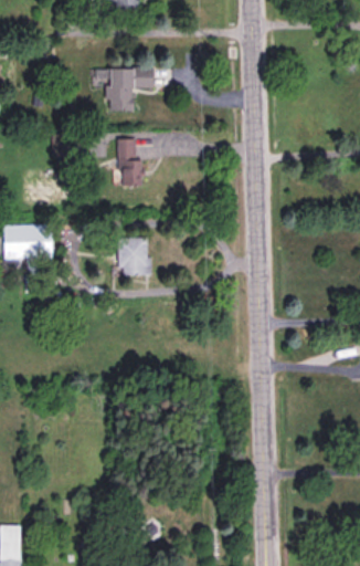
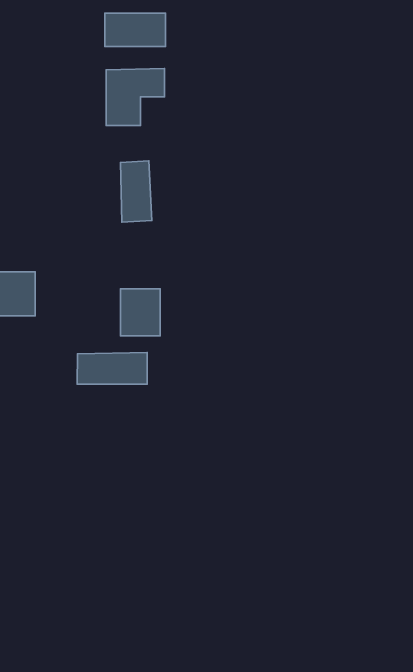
building: none -> [105,13,166,46]
building: none -> [77,352,147,384]

